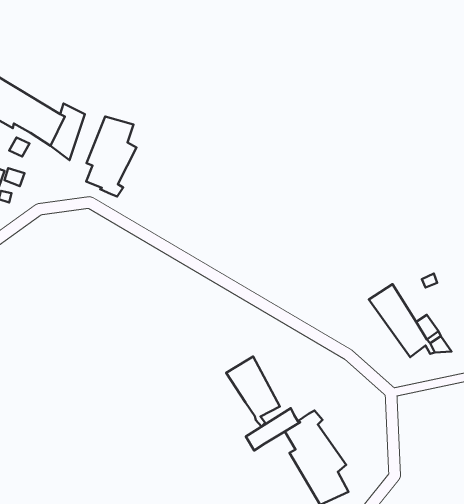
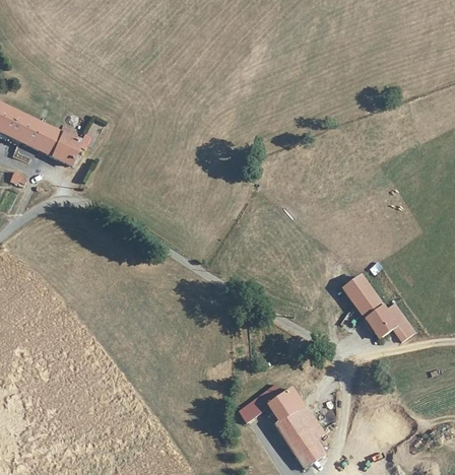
building: [86,116,136,196] -> none
building: [226,356,280,427] -> none

